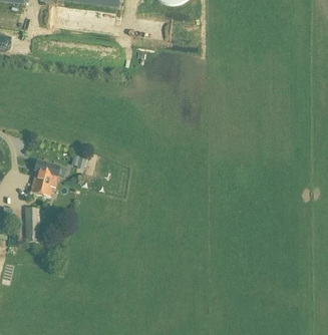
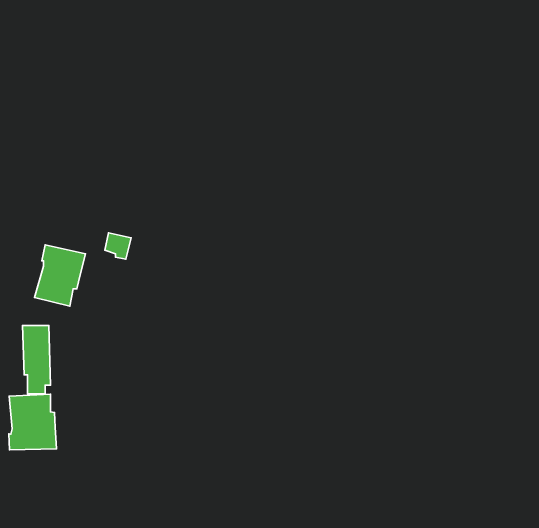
building: none -> [9,394,57,450]

